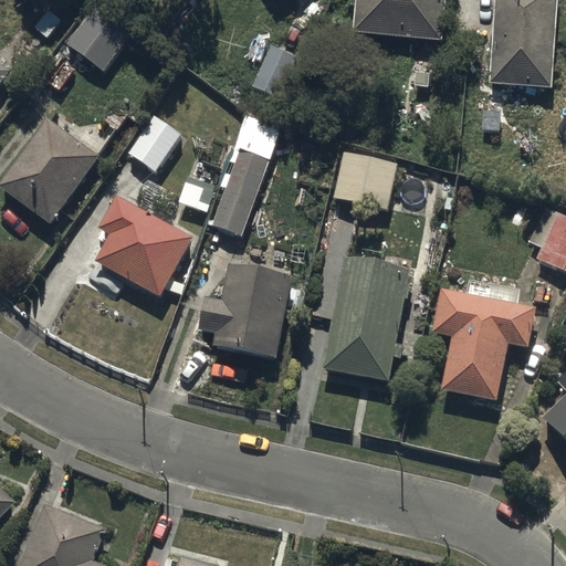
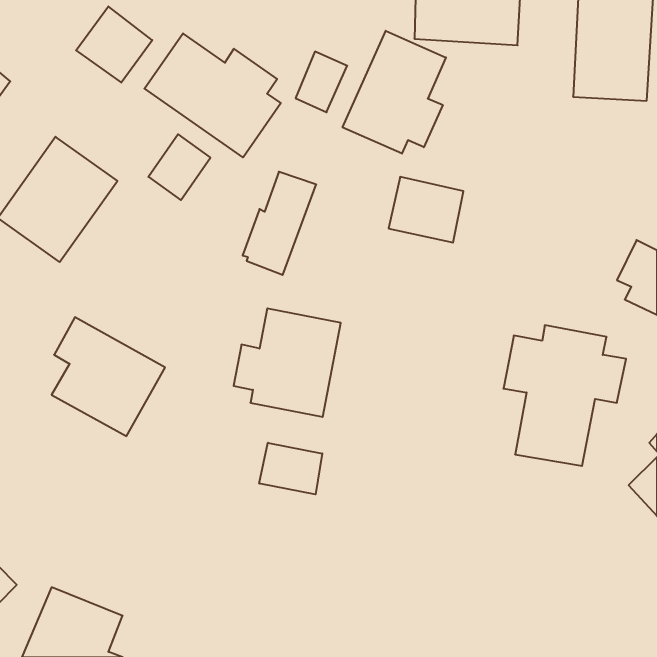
building: none -> [343,31,446,154]
building: none -> [144,33,281,157]
building: [96,193,193,295] -> [52,317,165,436]
building: [321,256,410,379] -> none
building: none -> [259,443,322,494]

